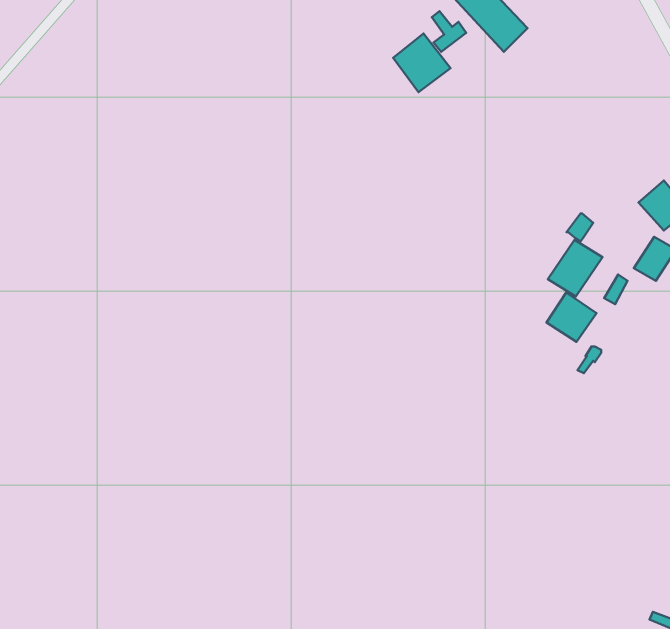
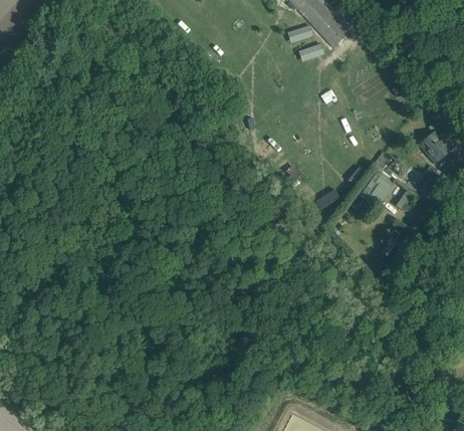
building: [393,34,450,92] -> none
building: [546,292,596,342] -> none

